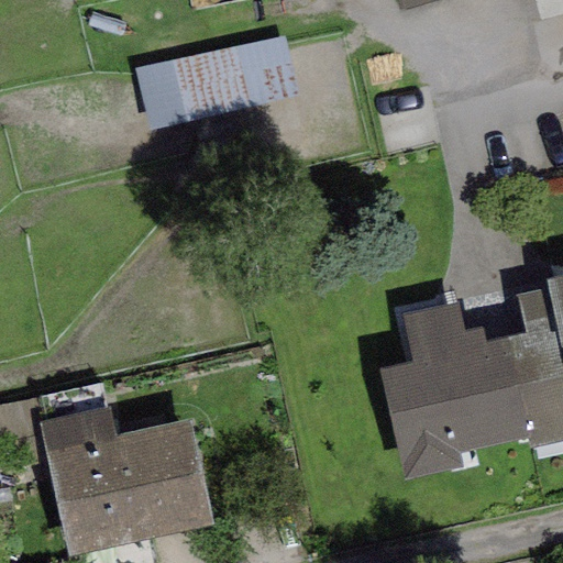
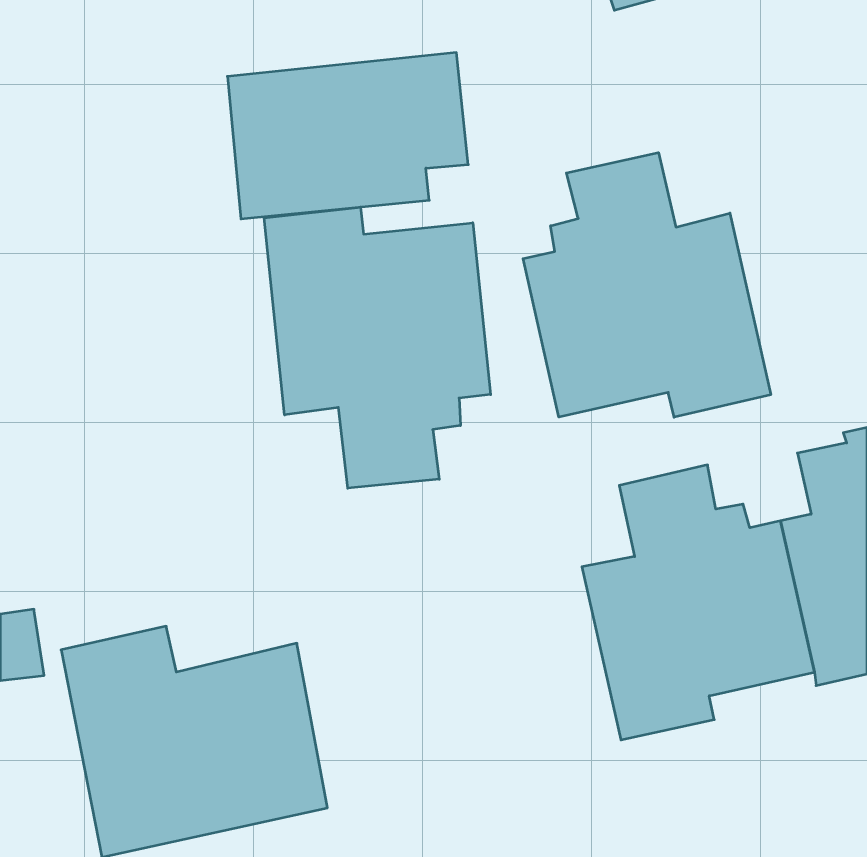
building: none -> [523,153,771,417]
building: none -> [264,207,491,488]

